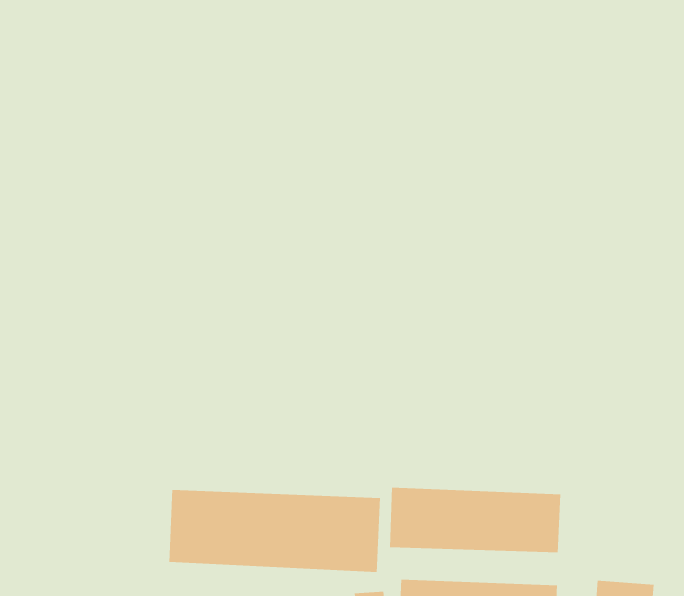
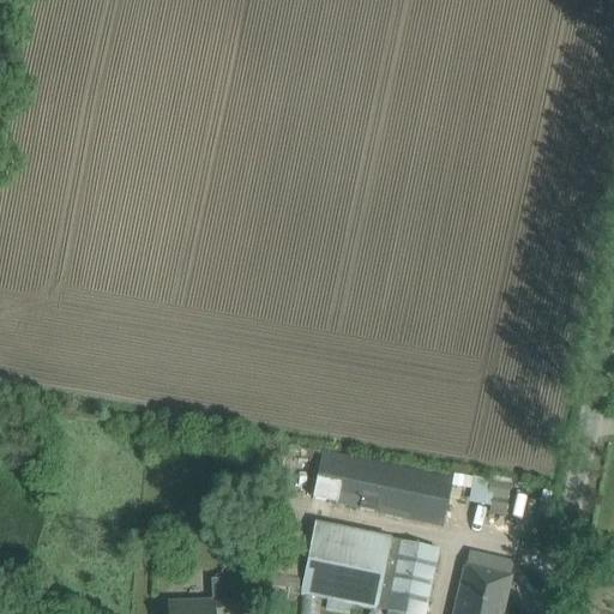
building: [169,489,380,573] -> none

